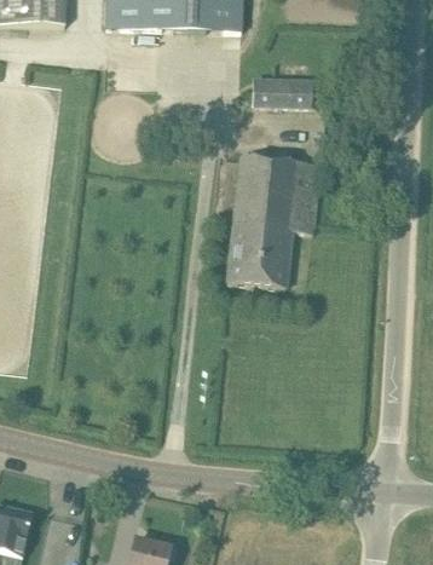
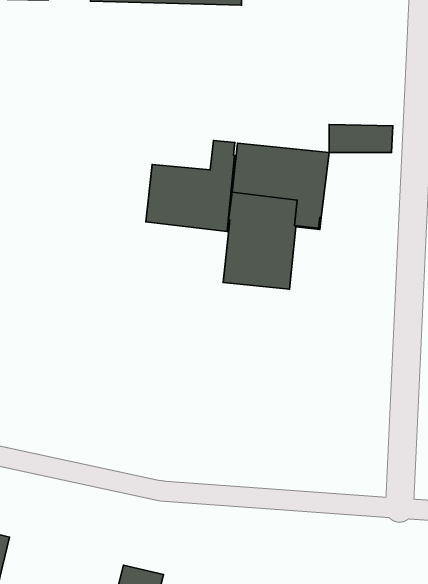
building: [253,80,311,105] -> [329,125,393,152]
building: none -> [146,140,235,232]

